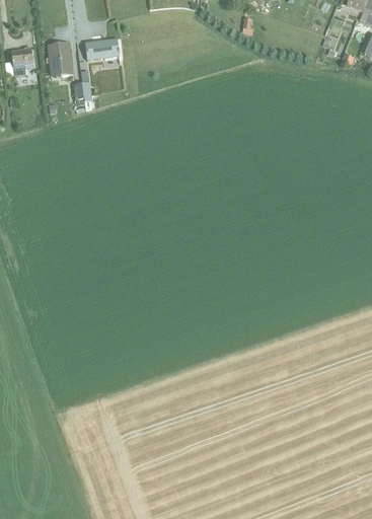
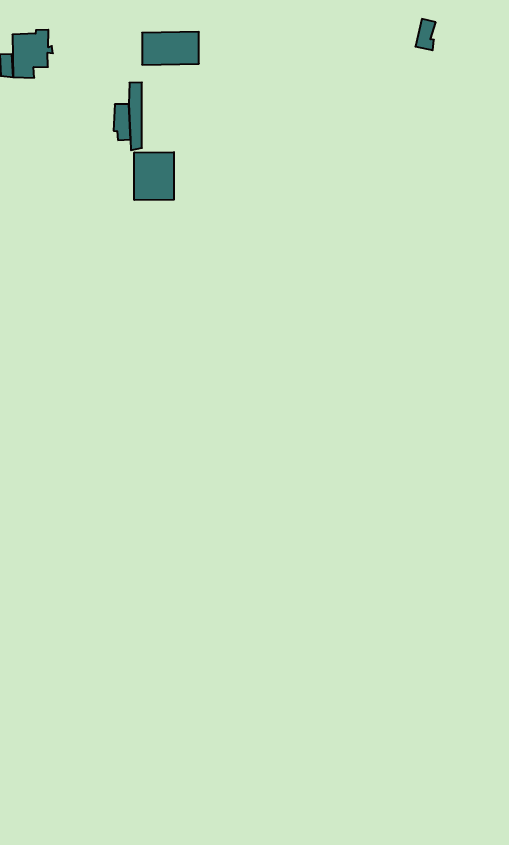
building: [48,43,74,76] -> none
building: none -> [134,152,174,200]

